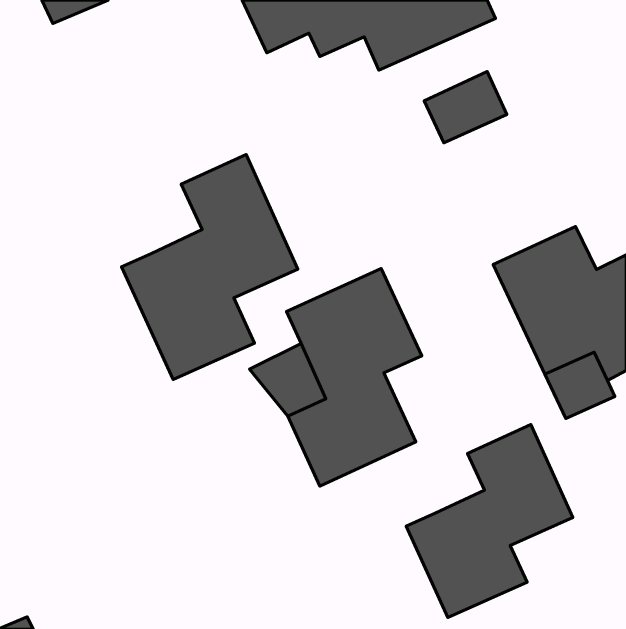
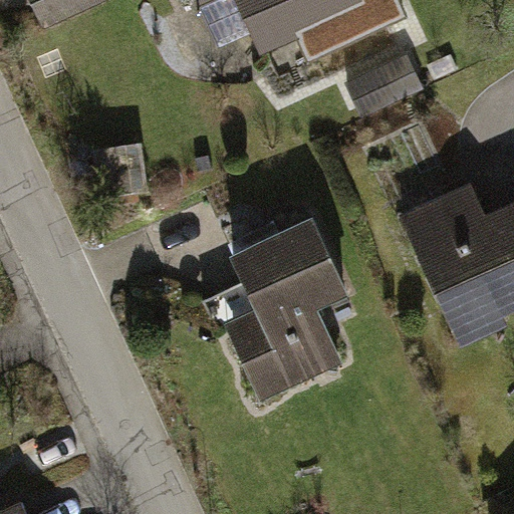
building: [122,155,298,379] -> none
building: [406,425,573,618] -> none

